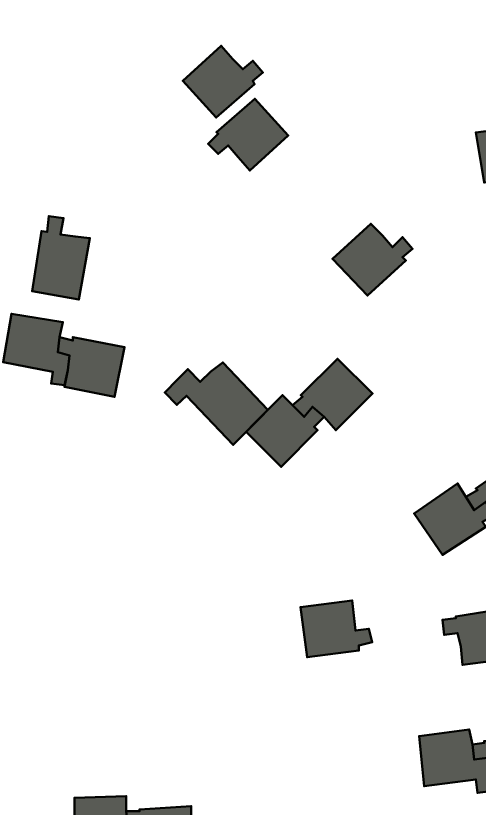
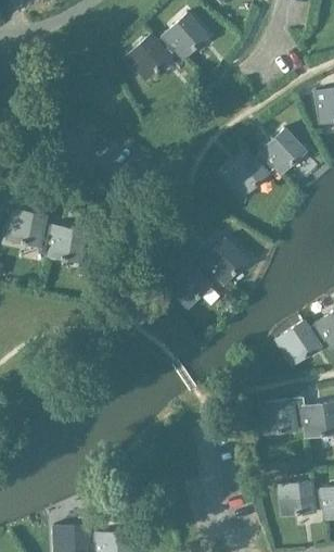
building: [208,99,288,170] -> [157,12,209,59]
building: none -> [255,127,307,174]
building: [32,216,90,299] -> none
building: [165,363,268,445] -> none
building: [301,601,372,657] -> [259,398,306,435]

